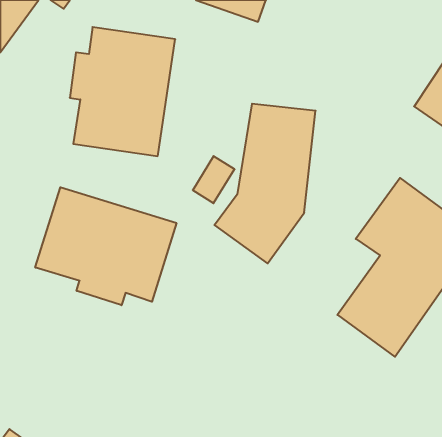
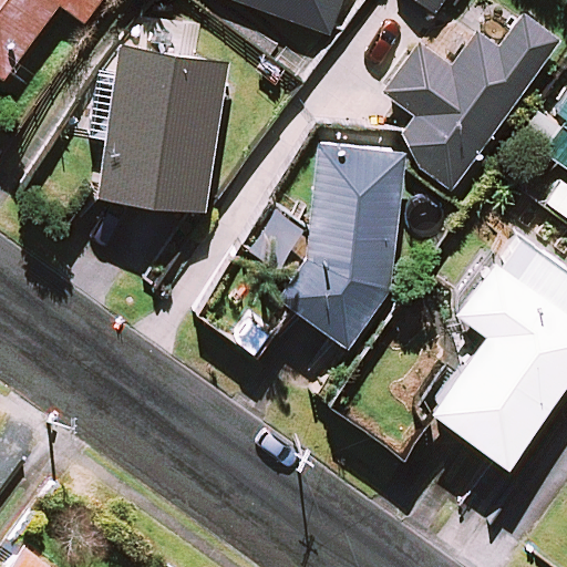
building: none -> [386,23,554,182]
building: [35,187,176,305] -> none

